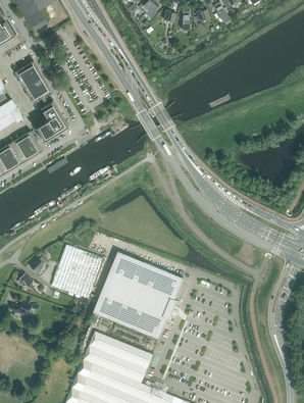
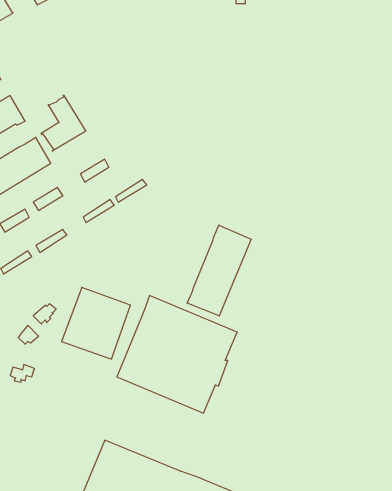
building: [14,60,52,104] -> none
building: none -> [187,225,251,316]
building: [83,330,153,382] -> none

